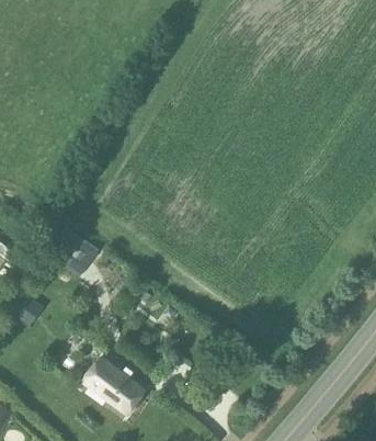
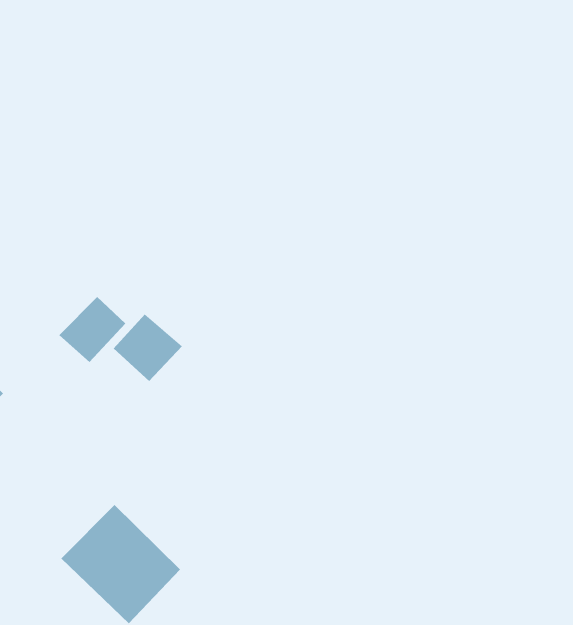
building: none -> [113,314,183,382]

